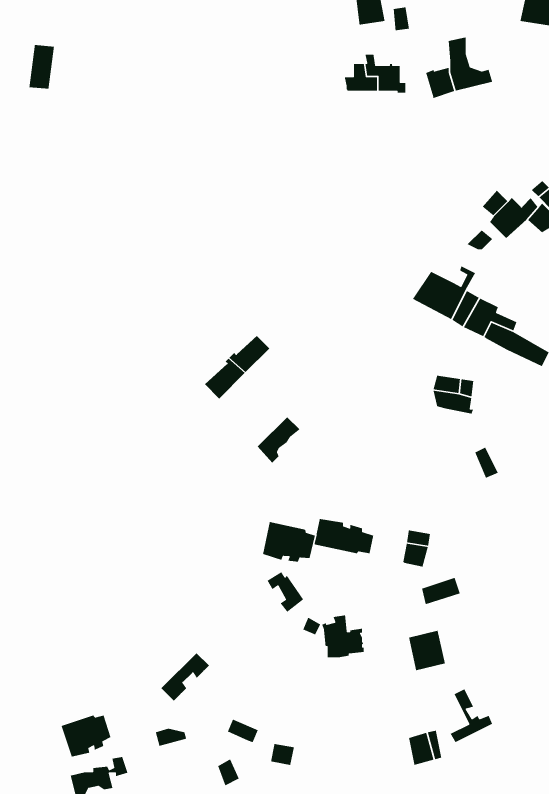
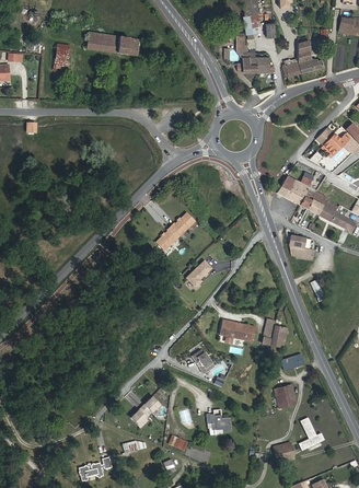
building: none -> [86,31,139,55]
building: [262,521,316,563] -> none
building: [321,615,365,658] -> [207,408,232,433]
building: [61,714,112,757] -> none

